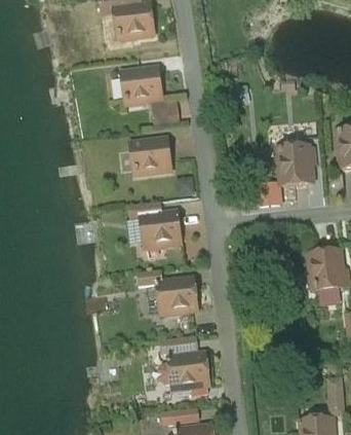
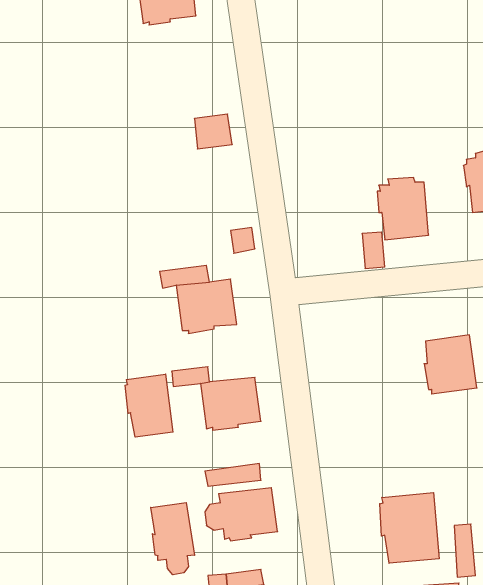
building: [121,69,161,105] -> none
building: [130,139,170,174] -> none
building: none -> [125,374,173,437]
building: none -> [380,493,439,563]
building: none -> [151,503,195,575]

